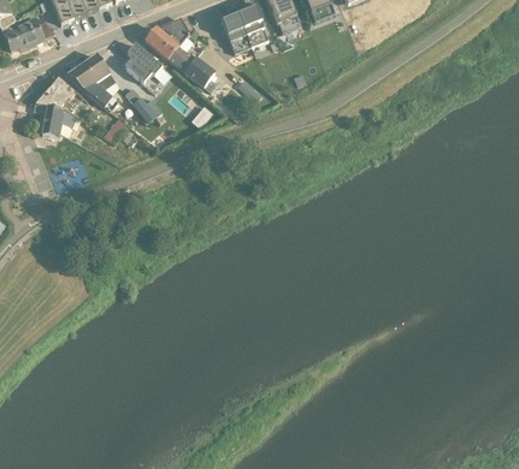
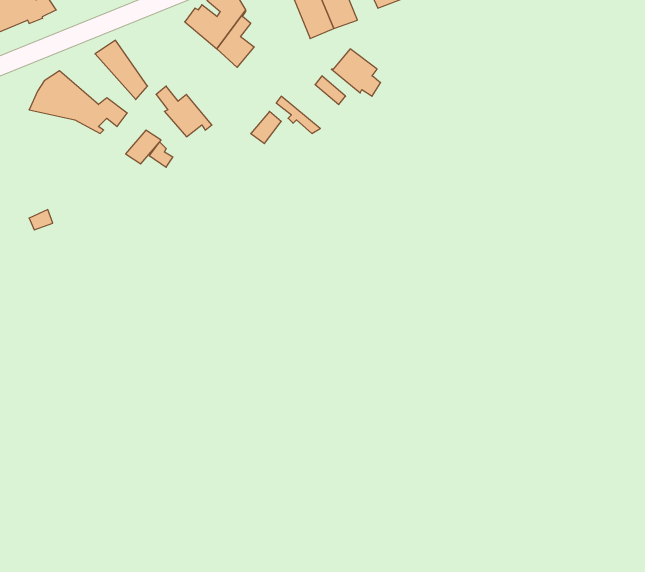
building: [125,43,170,83] -> none
building: [181,59,216,93] -> [331,49,381,96]
building: [66,64,116,109] -> none
building: [33,103,78,136] -> none

